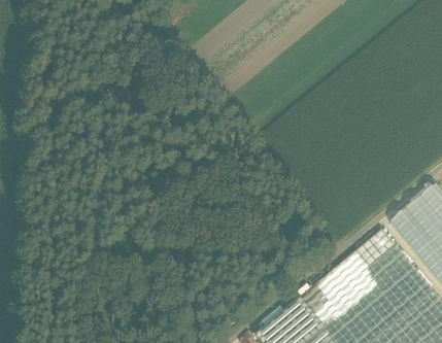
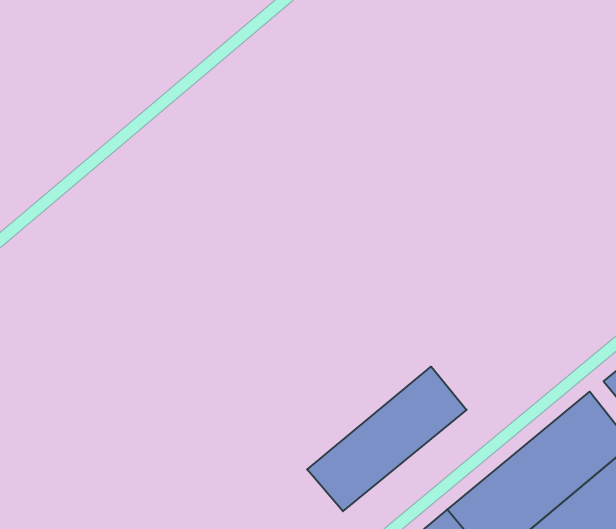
building: none -> [307,367,467,511]

